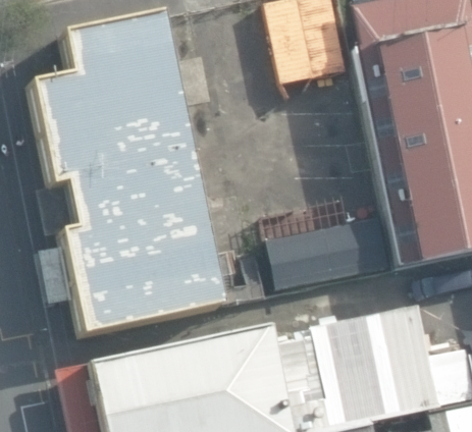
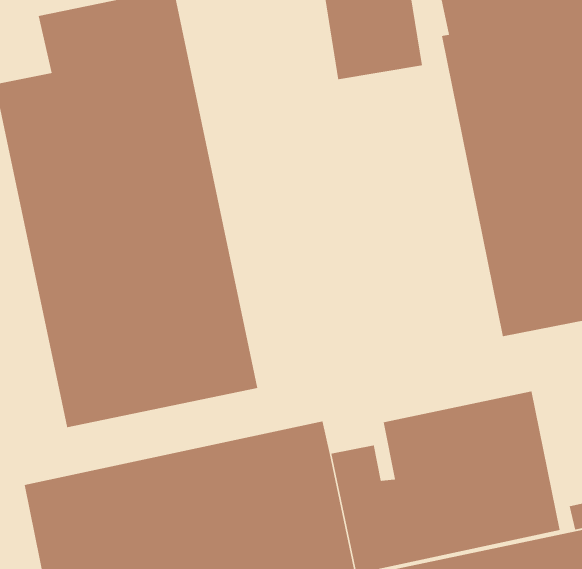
building: [269,211,398,288] -> none

